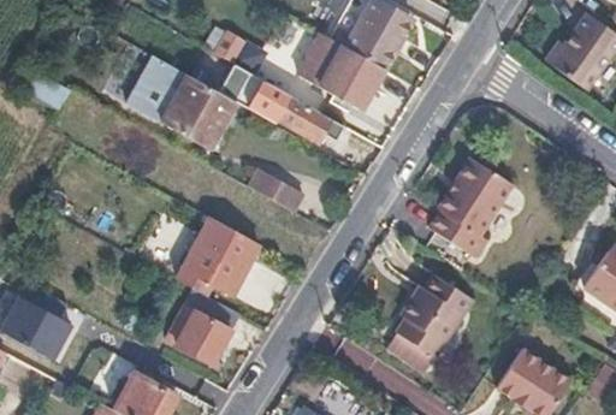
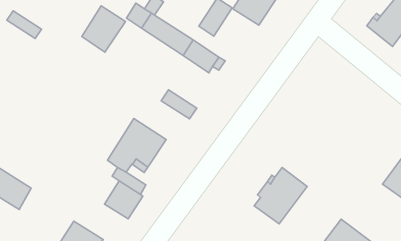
building: [320,45,385,111] -> none
building: [161,75,236,148] -> none
building: [430,159,514,257] -> none

